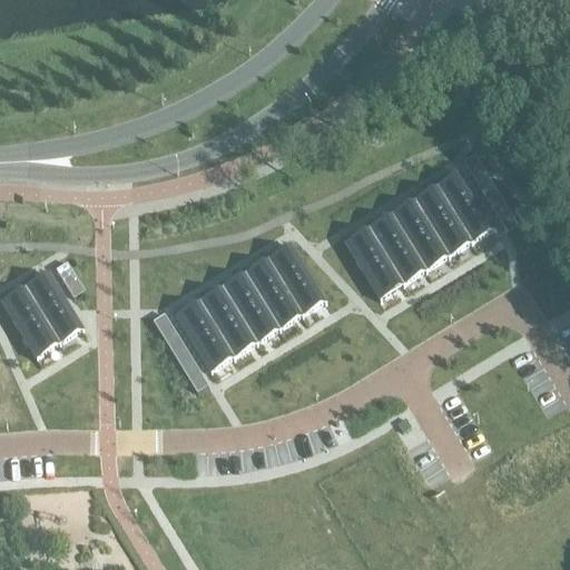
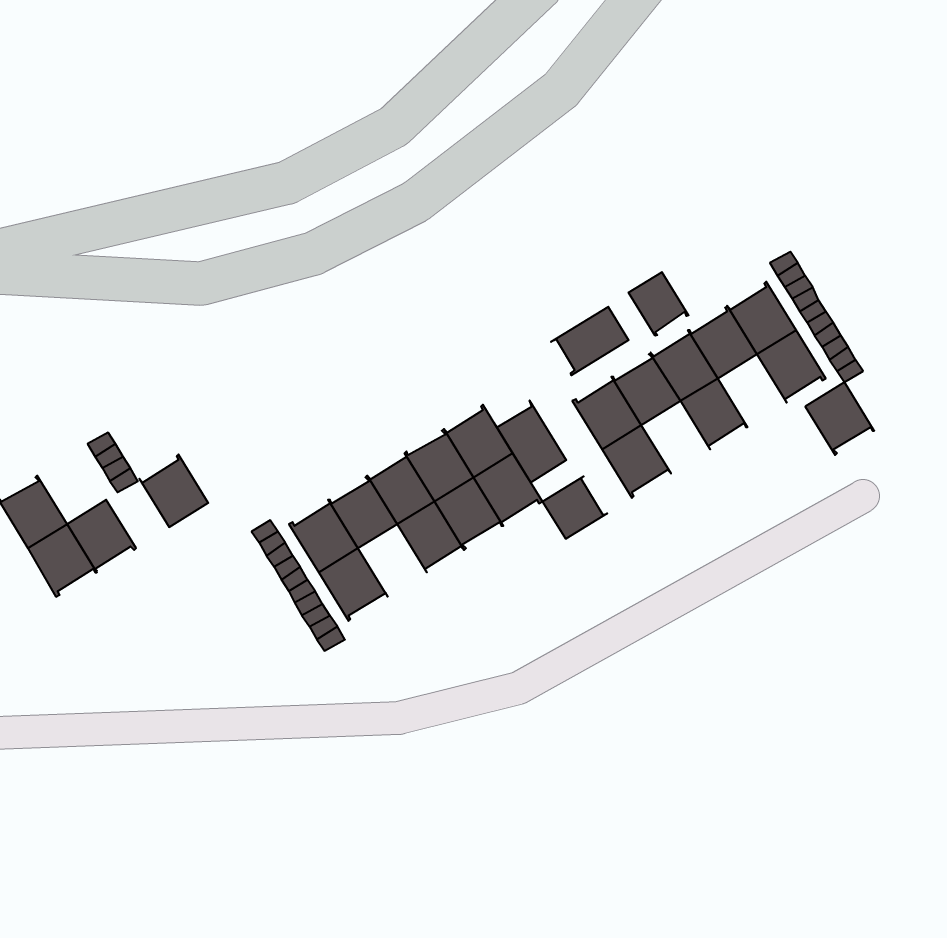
building: none -> [629,272,689,336]
building: none -> [551,307,629,375]
building: [429,212,470,255] -> [805,382,874,455]
building: none -> [494,400,566,483]
building: [383,239,424,283] -> none
building: [22,269,63,313] -> [139,454,208,527]
building: none -> [542,476,607,539]
building: [214,313,255,356] -> none

